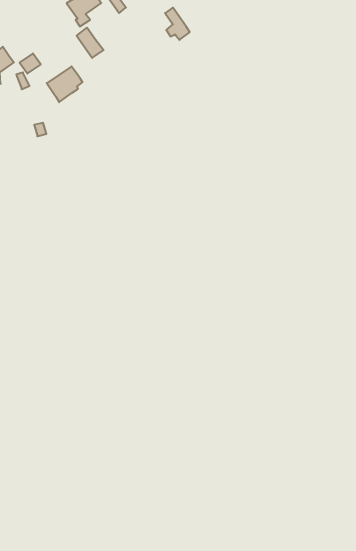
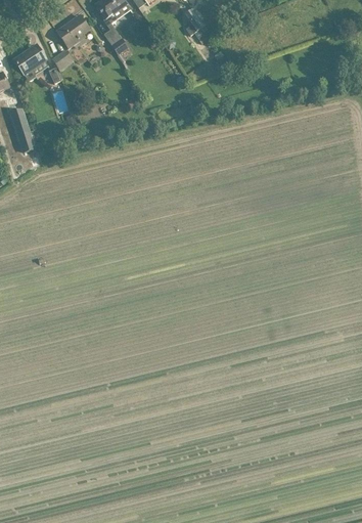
building: [47,66,83,102] -> [56,15,89,48]

